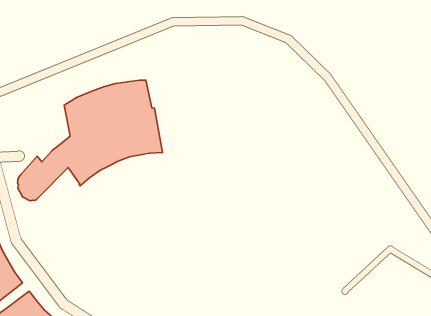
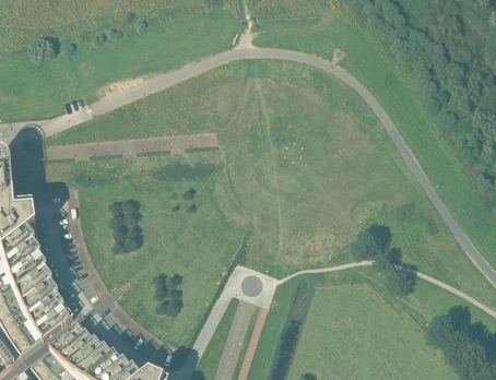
building: [18,80,163,201] -> none

